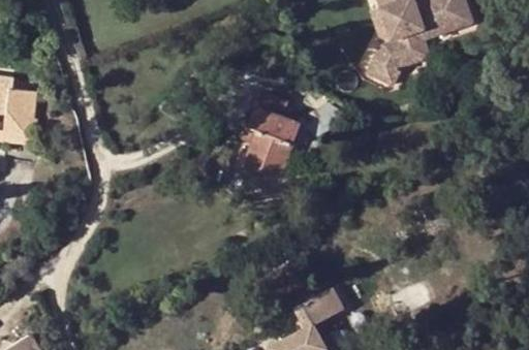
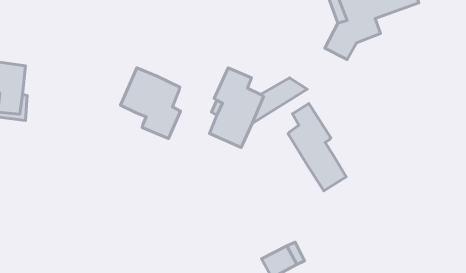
building: none -> [120,68,181,139]
building: none -> [288,104,346,191]

